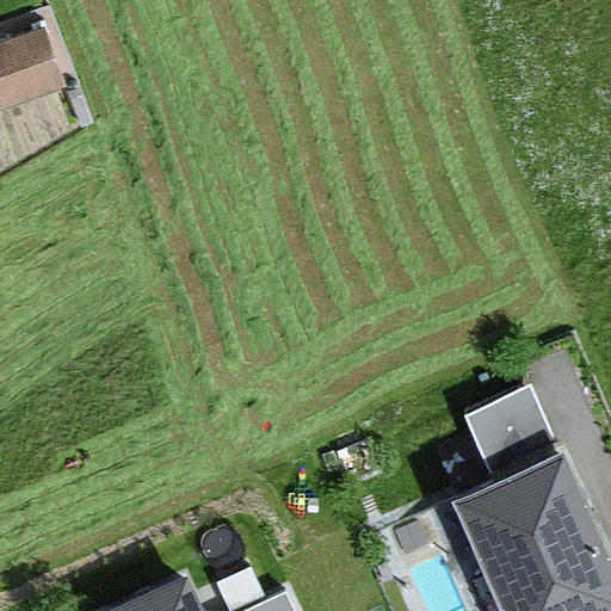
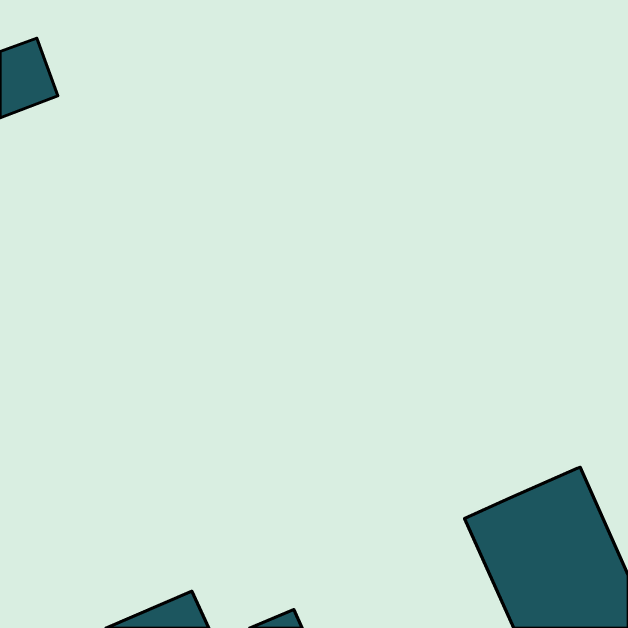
building: [464,385,561,483] -> none

